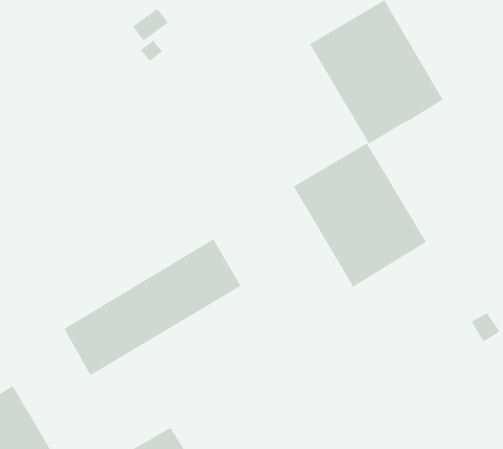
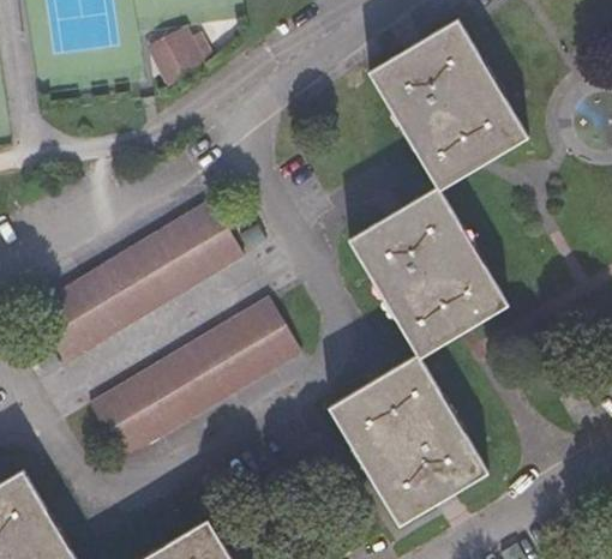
building: none -> [24,204,233,363]
building: none -> [331,355,487,524]

